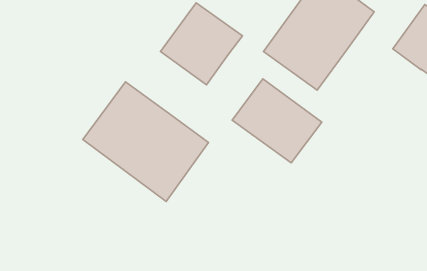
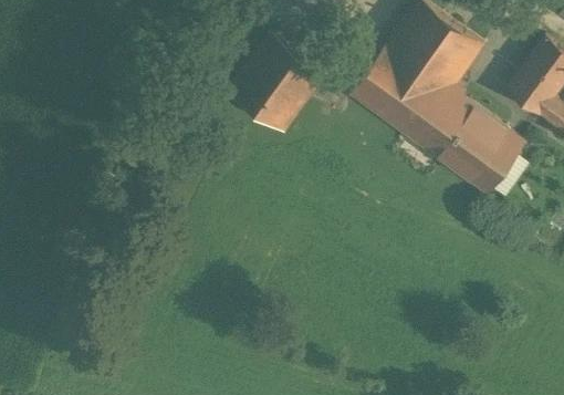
building: [232,79,322,163] -> [418,93,525,194]
building: [83,82,209,201] -> none

